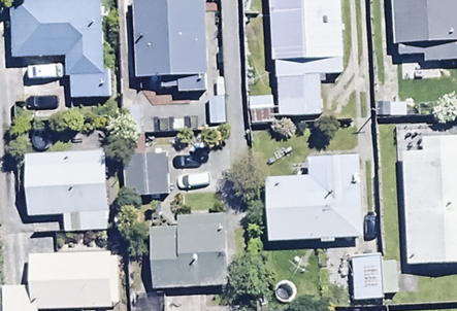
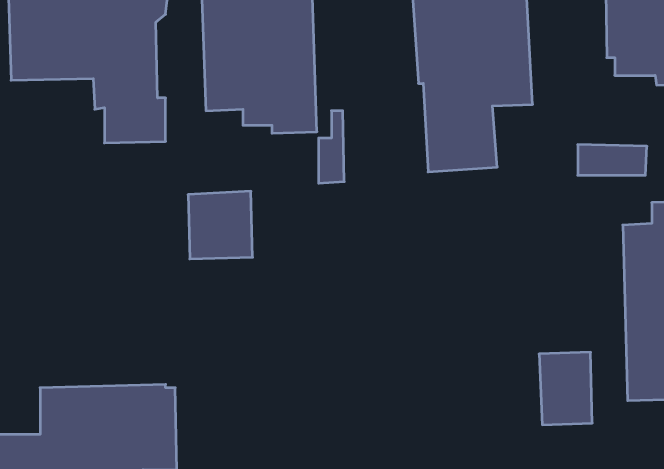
building: [268,131,361,219] -> none
building: [24,151,107,233] -> none
building: [149,214,226,288] -> none

